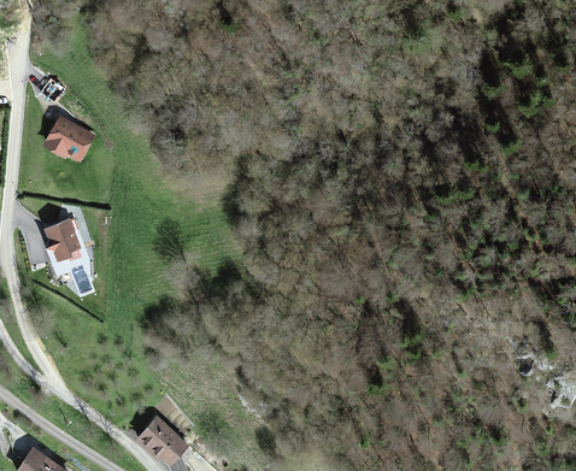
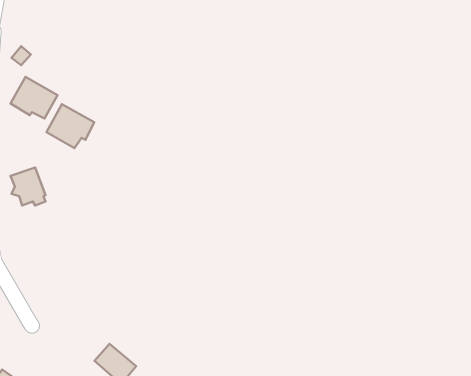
building: none -> [46,104,94,148]

